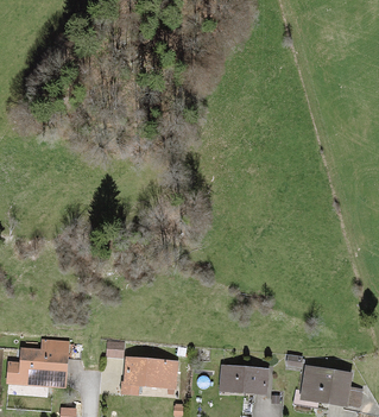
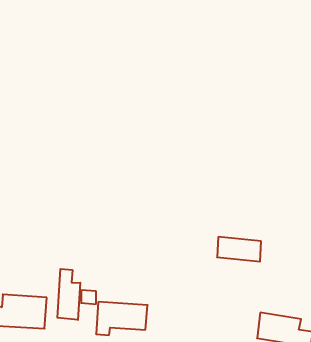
building: none -> [57,269,80,320]
building: [220,366,269,393] -> [217,237,261,262]

